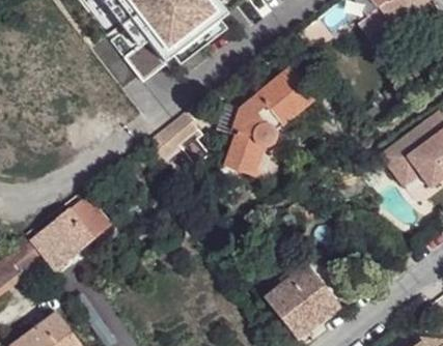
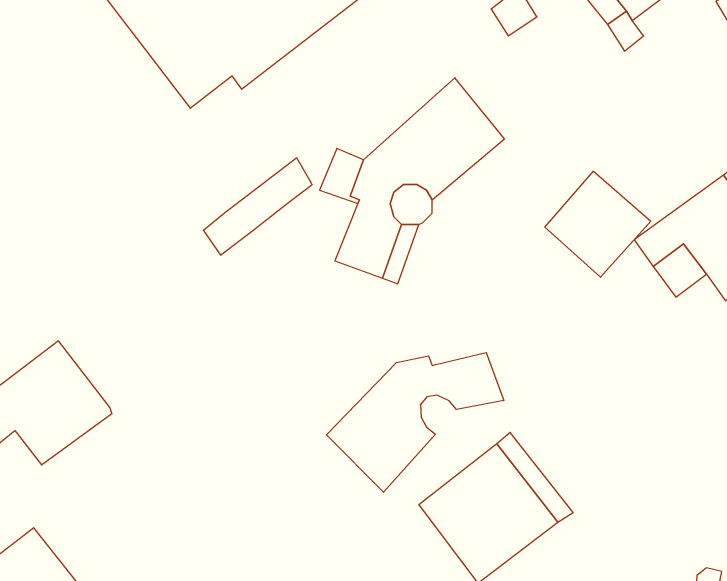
building: none -> [545,171,651,277]
building: [70,196,114,248] -> none
building: none -> [326,353,504,492]

